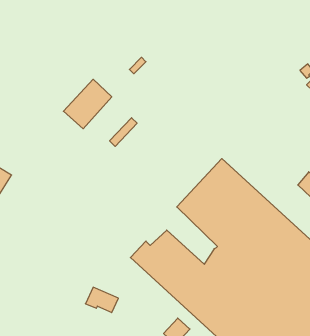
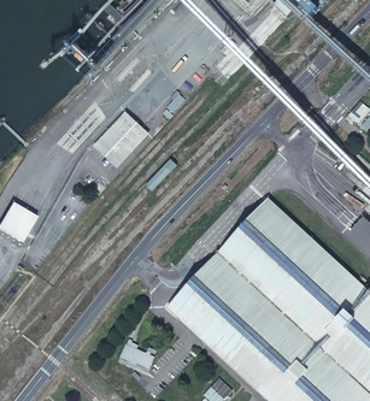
building: none -> [183,254,262,317]

